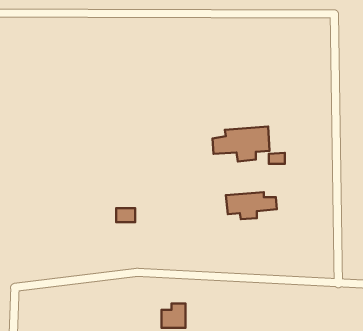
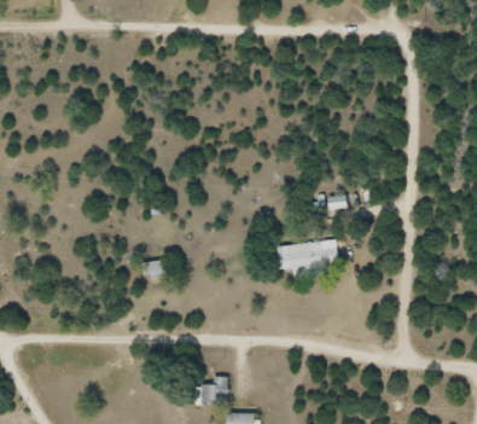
building: [212,126,270,161] -> none

